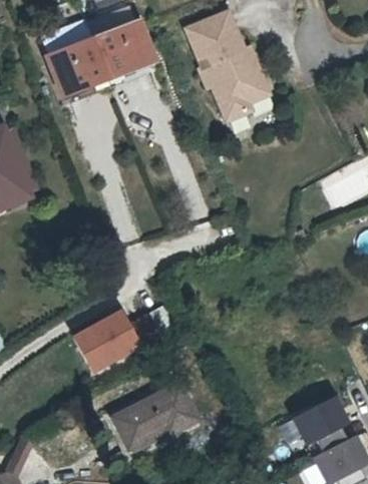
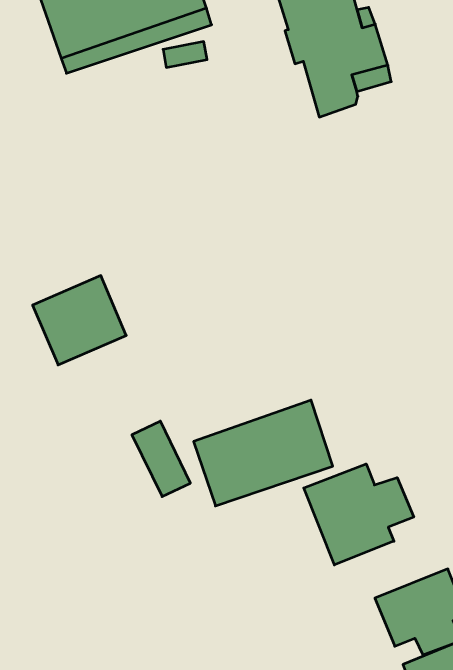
building: [74,313,134,371] -> [33,276,126,365]
building: none -> [304,464,414,565]
building: [106,379,195,450] -> [194,400,333,506]

